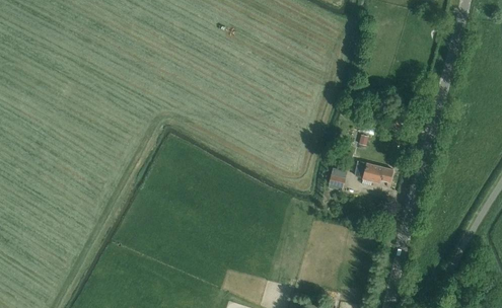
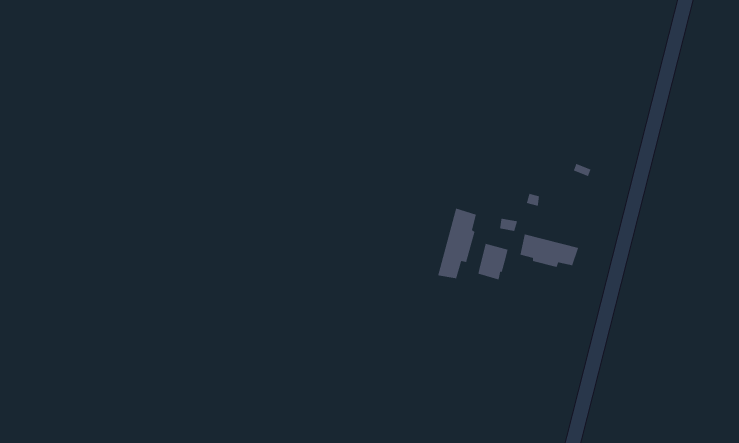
building: none -> [437,207,477,279]

